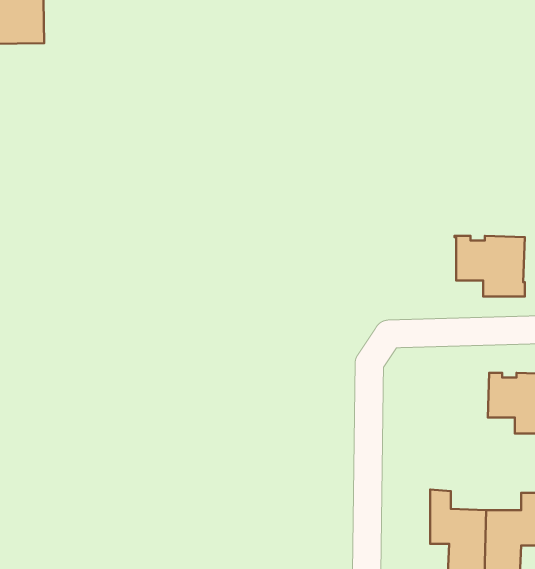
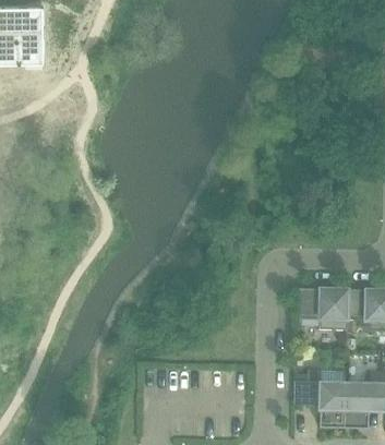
building: [454,236,525,296] -> [299,287,347,328]

